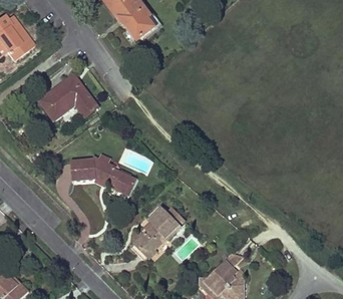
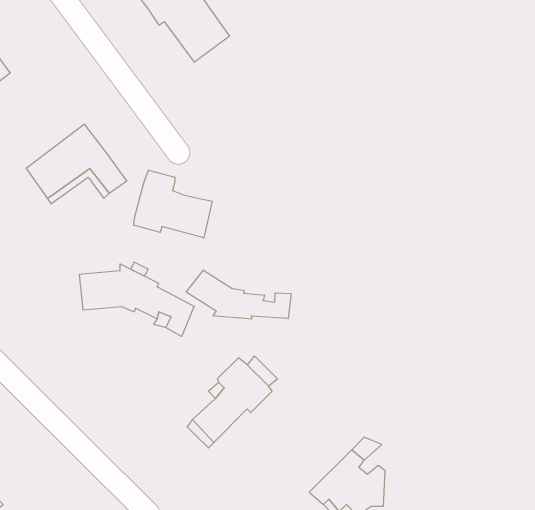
building: none -> [134,170,212,238]
building: none -> [186,270,291,319]

